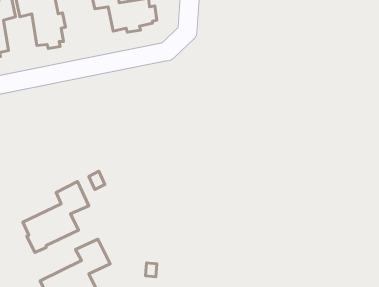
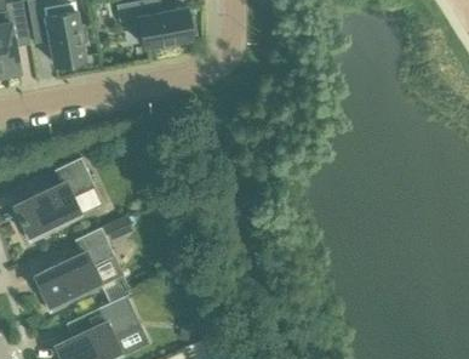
building: none -> [15,159,95,244]

